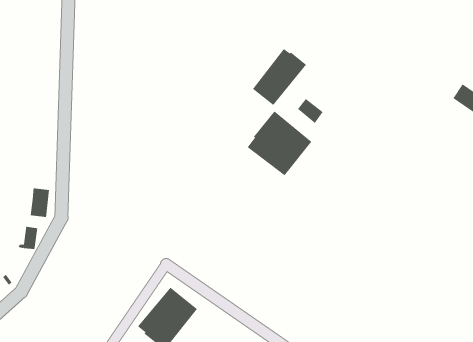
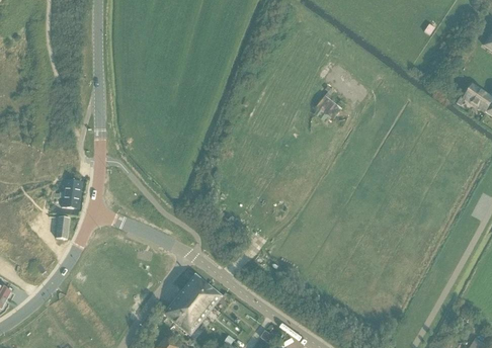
building: [252,48,307,106] -> none
building: [247,111,312,176] -> none

